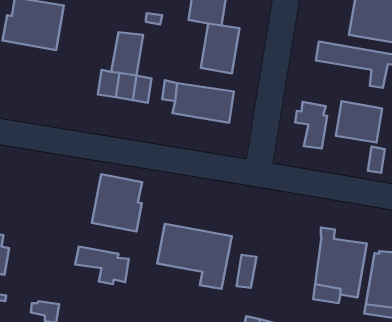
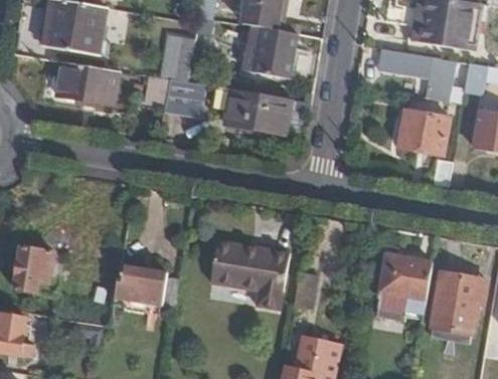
building: none -> [56,64,117,106]
building: [295,102,327,149] -> none
building: [92,174,142,231] -> none

